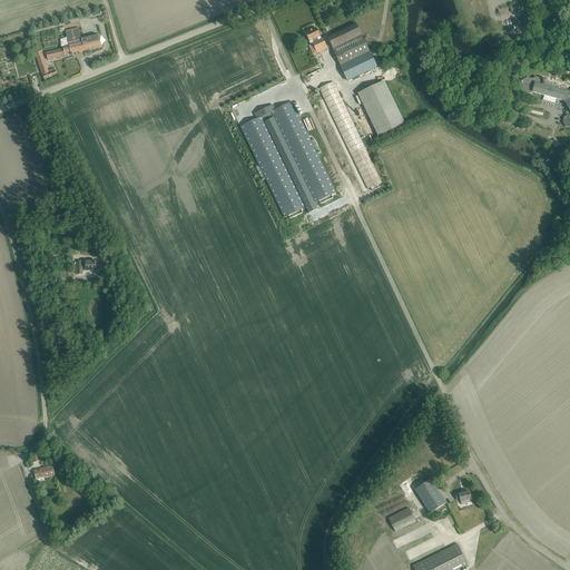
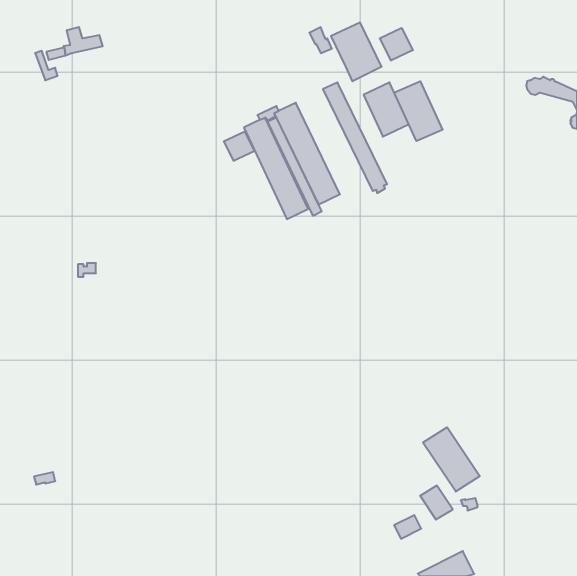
building: none -> [380,28,413,61]
building: none -> [394,81,443,141]
building: none -> [224,132,255,161]
building: none -> [423,427,480,492]

